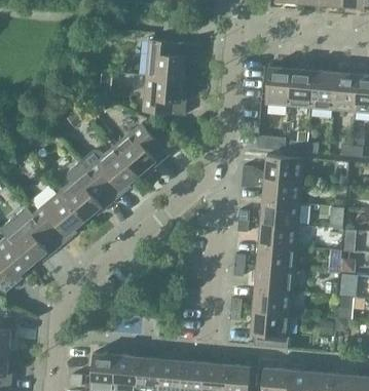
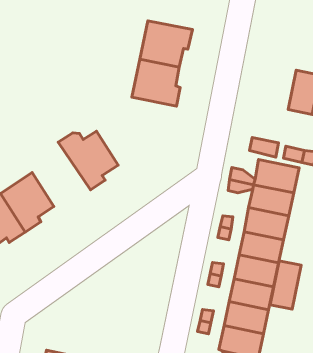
building: [265,67,291,106] -> none
building: [114,123,169,175] -> none
building: [60,161,114,221] -> none
building: none -> [270,261,301,309]

